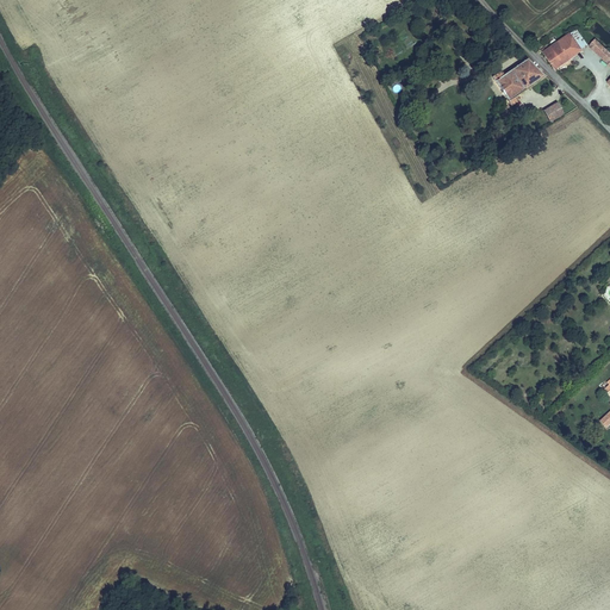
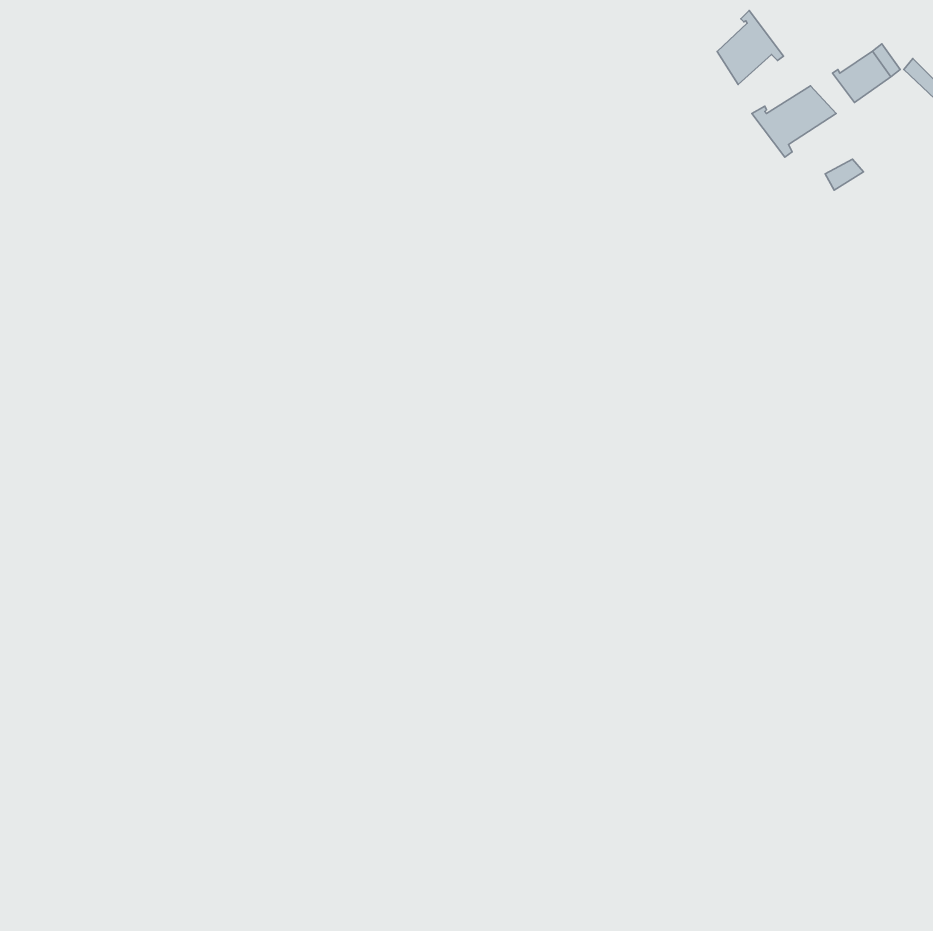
building: none -> [717,10,783,84]

